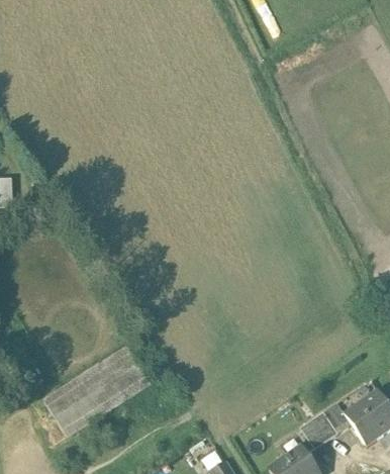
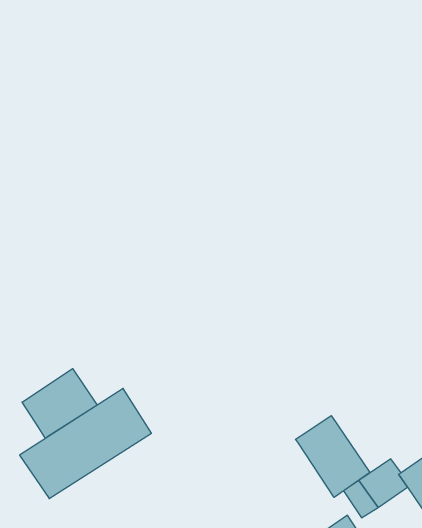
building: none -> [22,369,97,438]
building: none -> [296,416,370,497]

